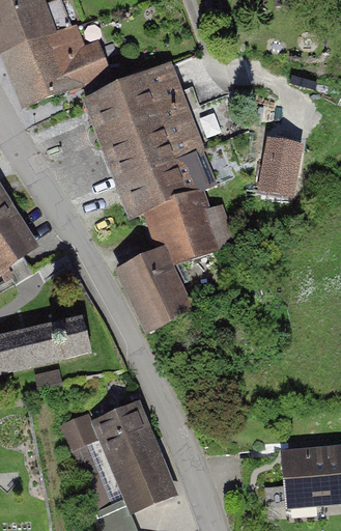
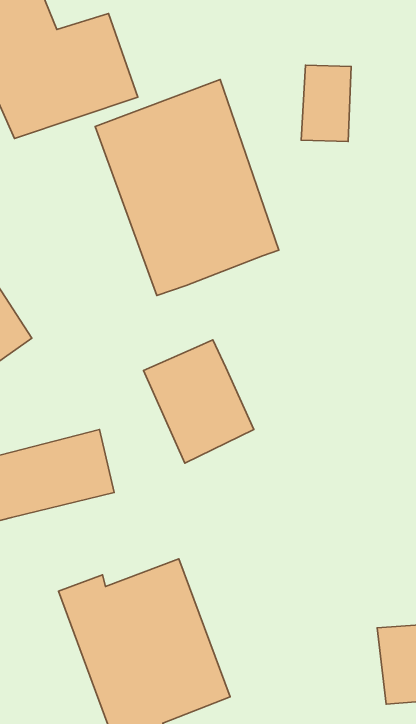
building: [264,133,300,187] -> [301,65,351,142]
building: [147,187,222,266] -> none

